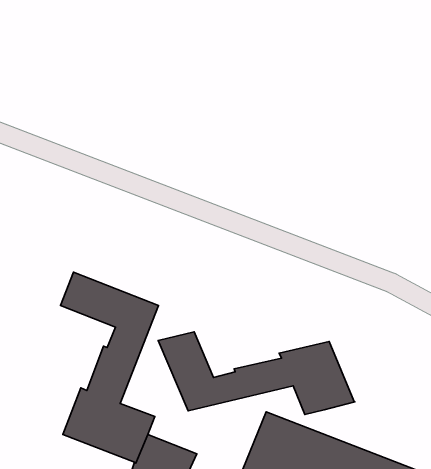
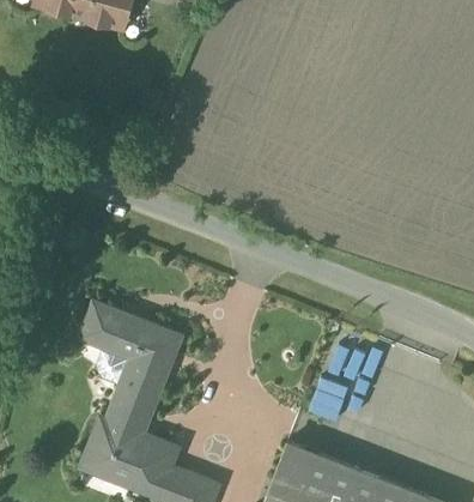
building: [158,332,355,415] -> none

